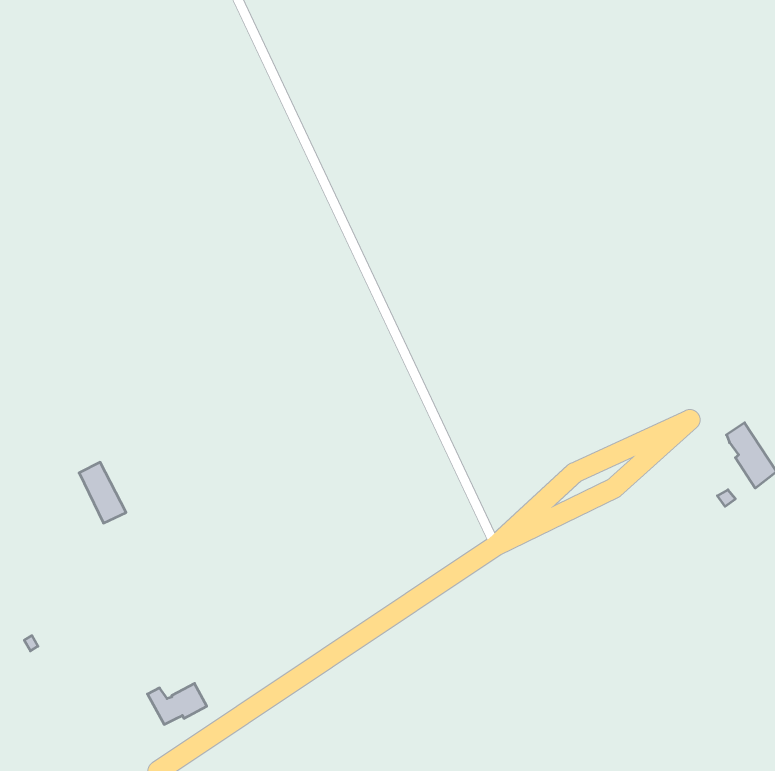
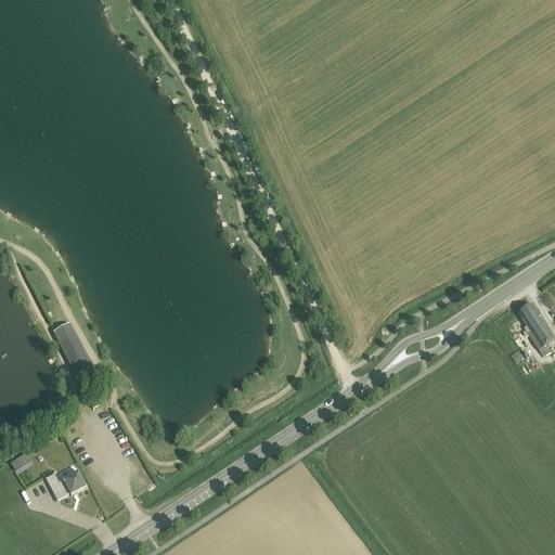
building: [147,683,207,724] -> [47,468,89,498]

